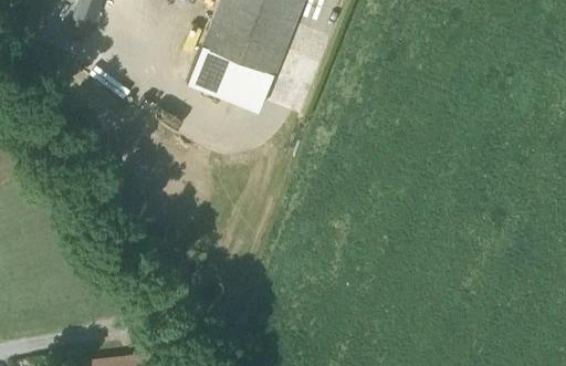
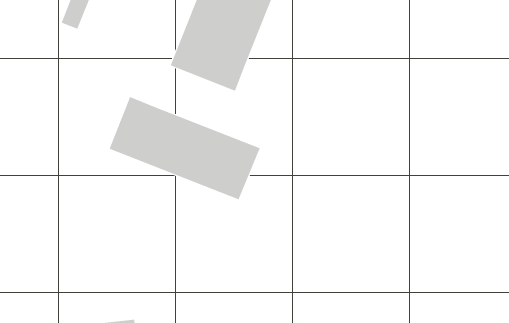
building: none -> [109,96,260,200]

